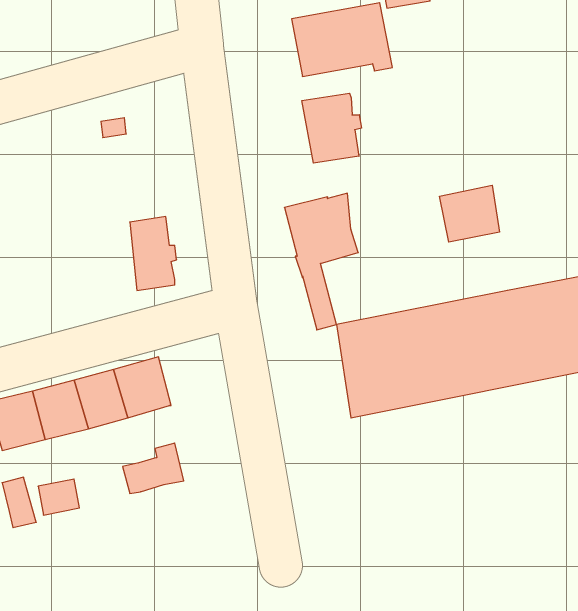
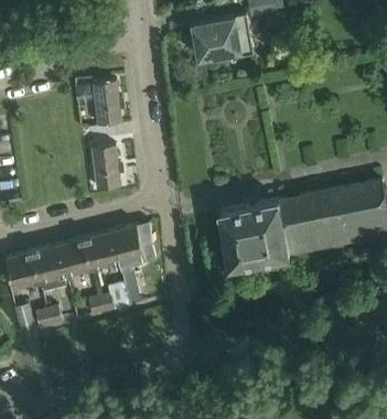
building: [302,93,361,163] -> none
building: none -> [92,82,121,126]
building: [440,185,499,242] -> none
building: [284,193,358,330] -> [109,223,154,307]

